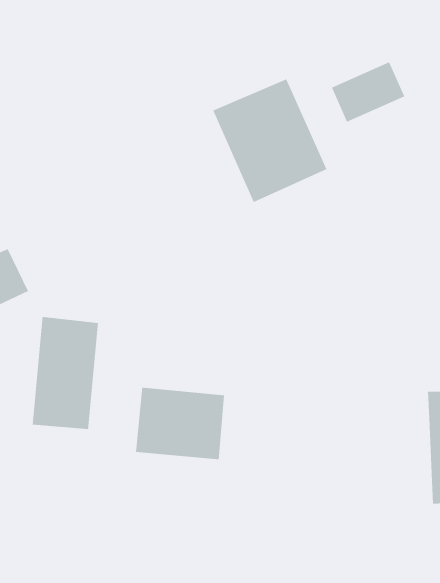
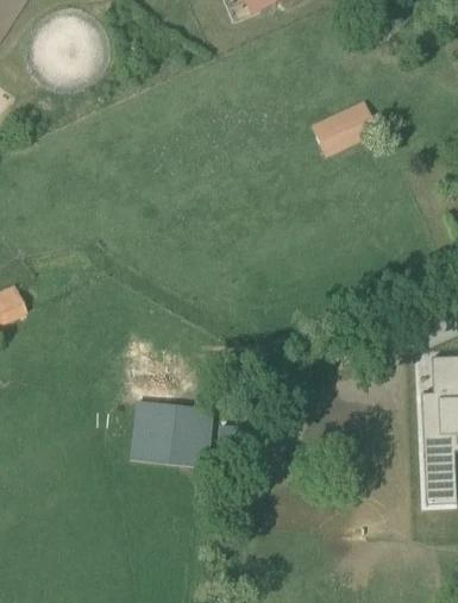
building: [212,78,327,203] -> none
building: [32,316,98,430] -> none

